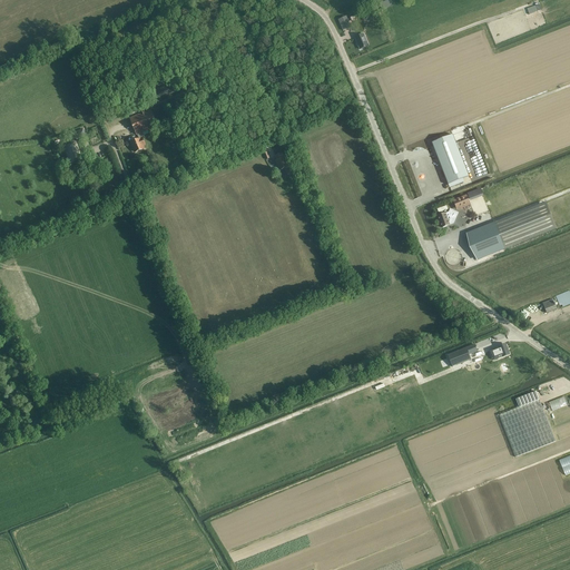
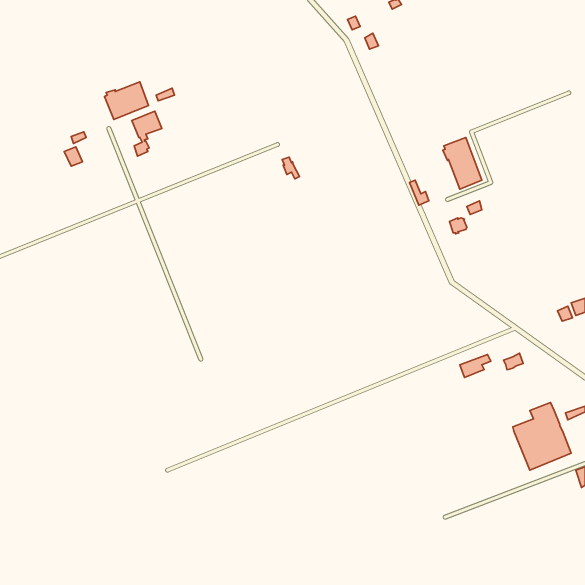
building: none -> [104,82,149,120]
building: [466,202,556,258] -> none

